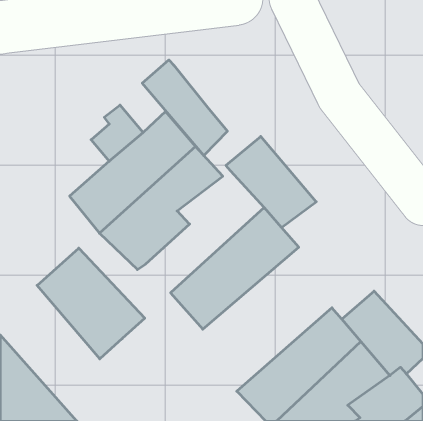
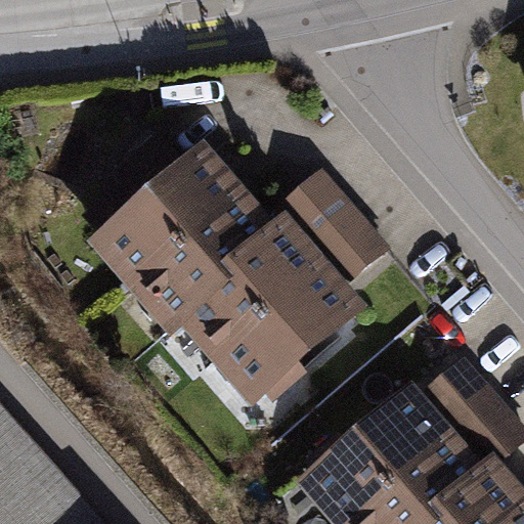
building: [142,60,227,156] -> none
building: none -> [180,211,326,362]
building: [37,248,145,359] -> none

